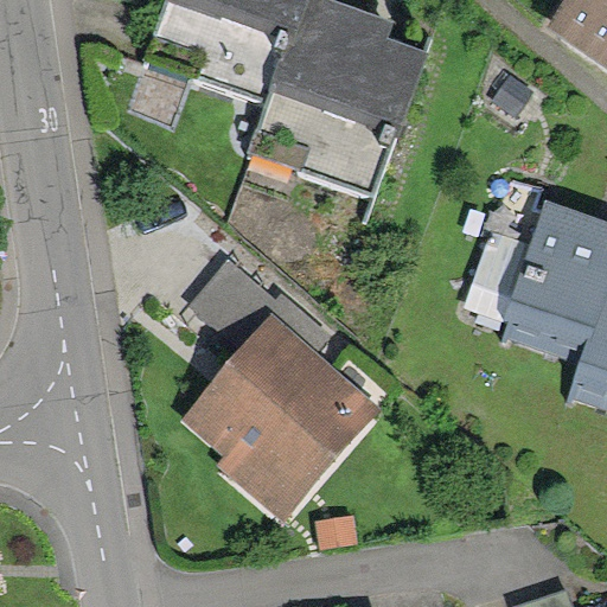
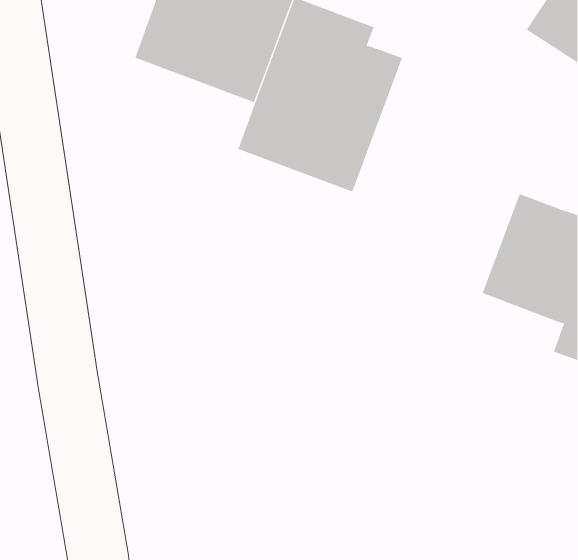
building: [184,261,375,523] -> none

